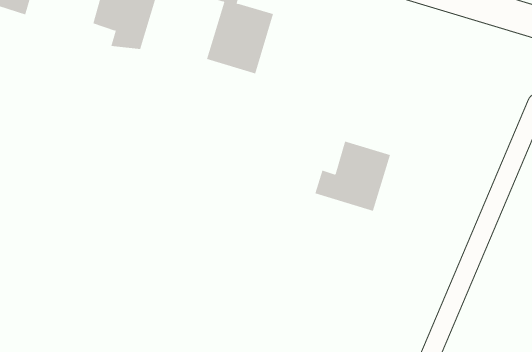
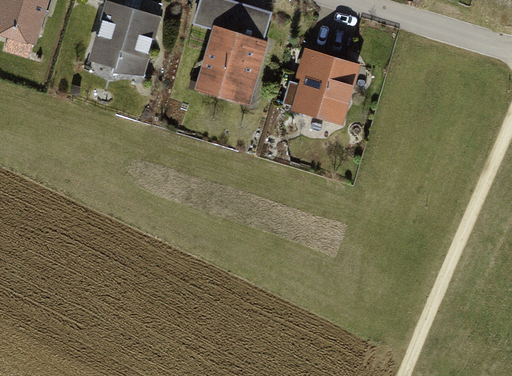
building: [314,141,391,212] -> [284,55,355,121]

